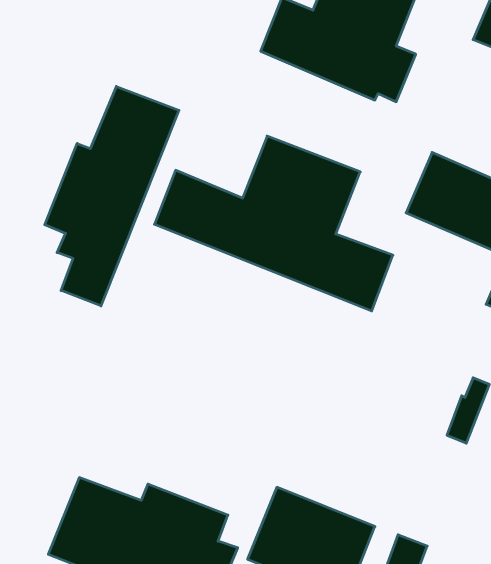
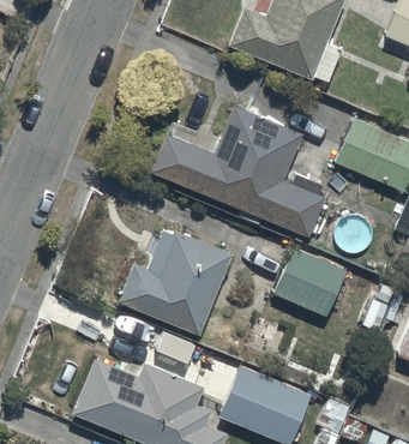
building: [45,86,179,306] -> none
building: none -> [118,232,231,335]
building: none -> [273,247,351,325]

